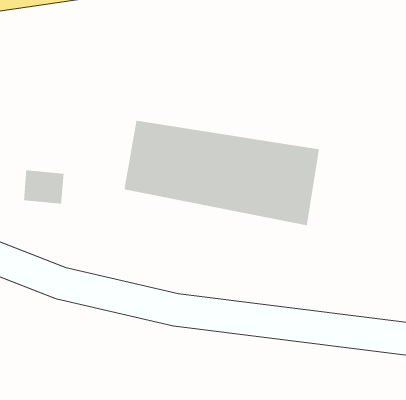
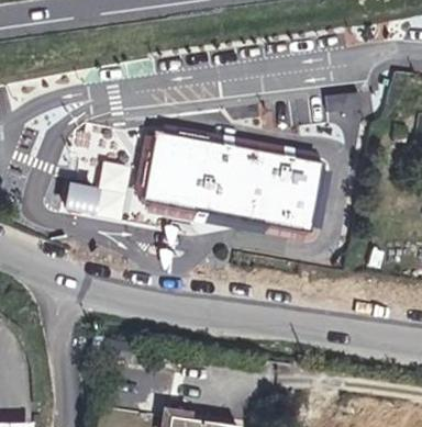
building: none -> [95,159,129,215]

